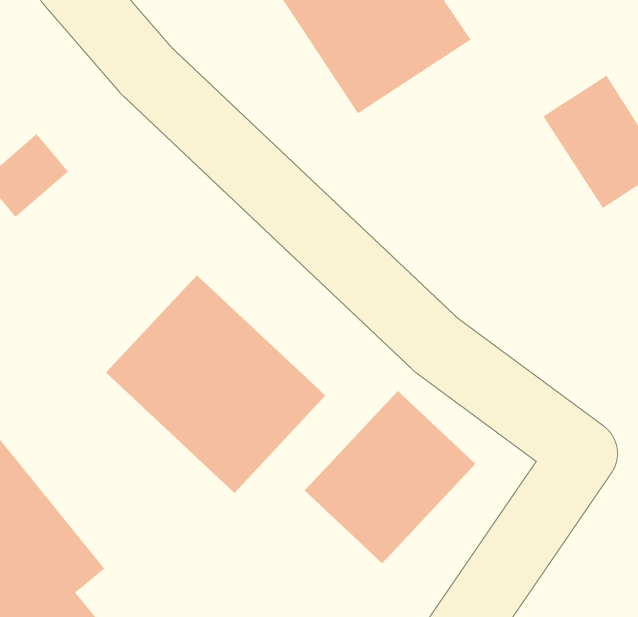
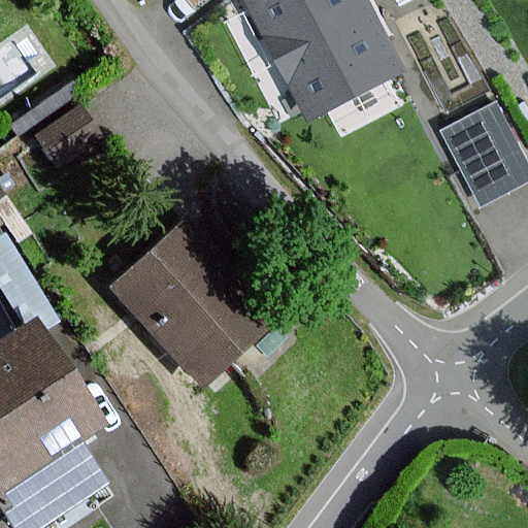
building: [304,390,476,564] -> none

